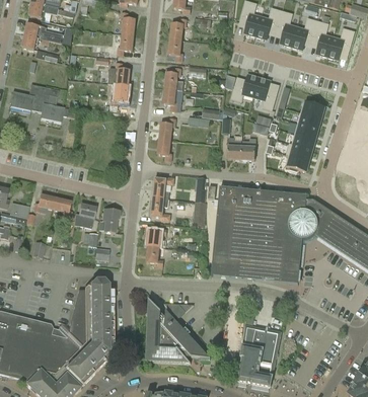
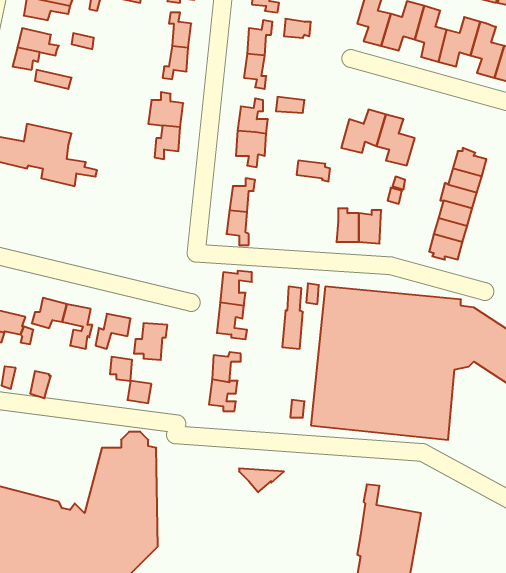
building: [145,297,210,362] -> none

